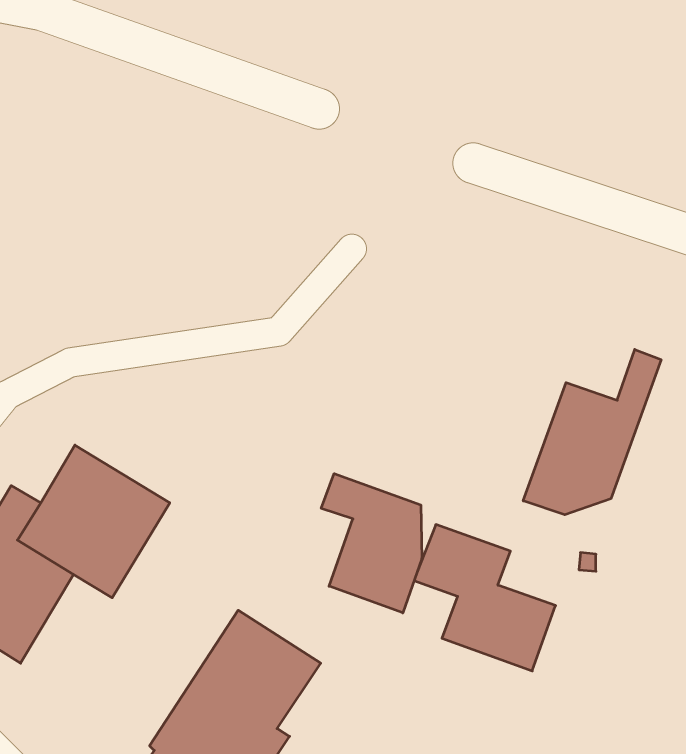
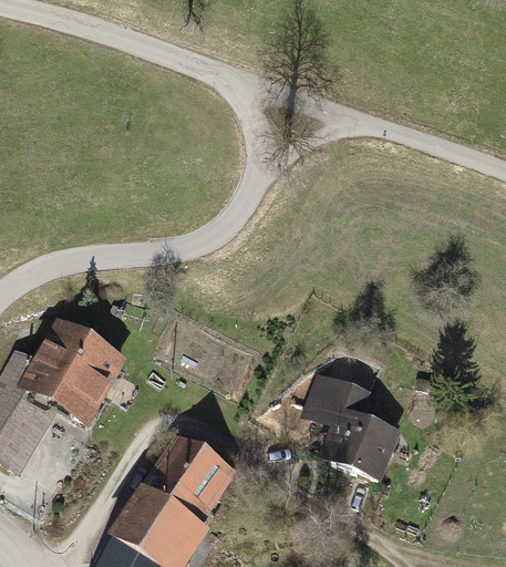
building: [523,349,661,515] -> none
building: [321,474,422,613] -> none

